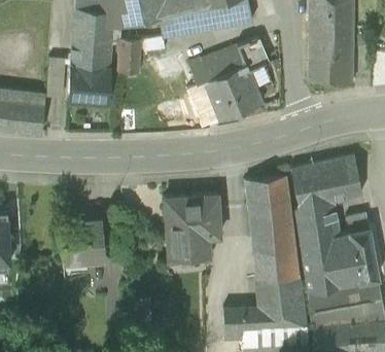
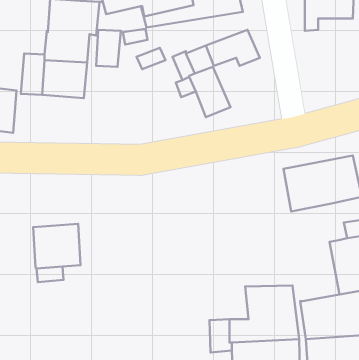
building: [309,29,354,83] -> none
building: [225,65,264,110] -> none
building: [245,175,299,275] -> none
building: [165,193,220,256] -> none
building: [295,199,342,288] -> none

